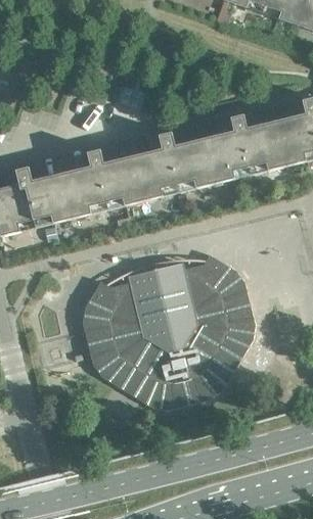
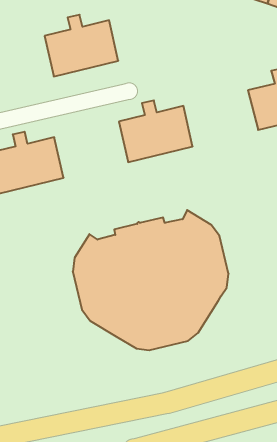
building: [205,113,287,183] -> none
building: [61,149,143,218] -> [45,15,118,76]

